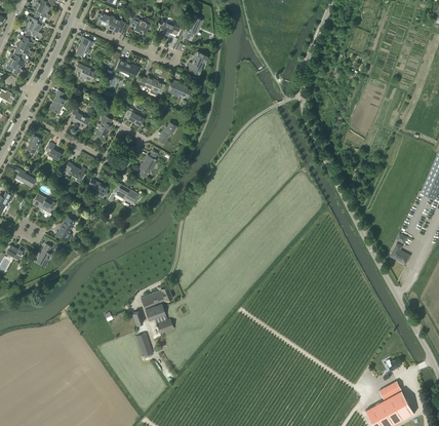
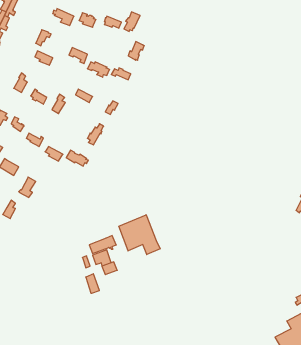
building: none -> [119,215,160,255]

